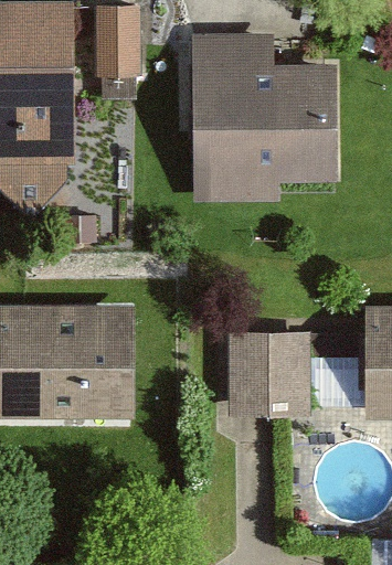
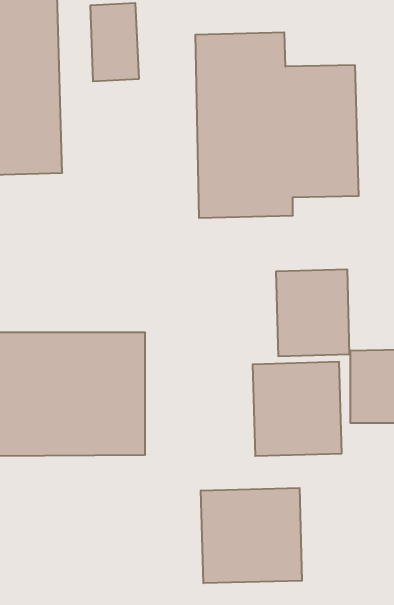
building: none -> [276,269,349,356]
building: none -> [201,488,302,583]

